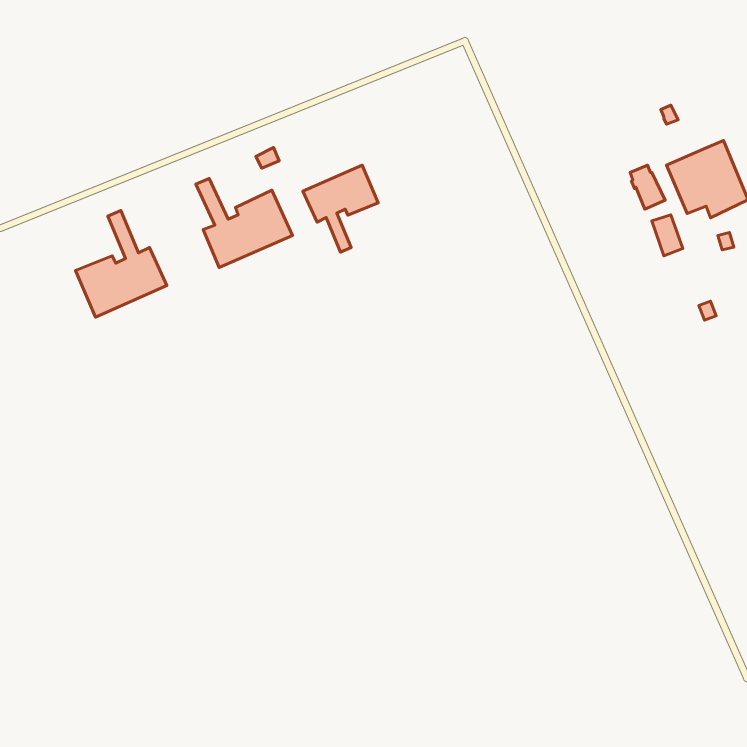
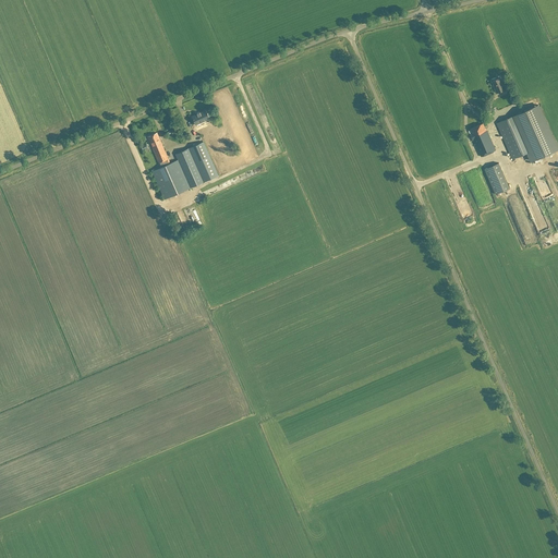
building: [303,165,378,252] -> none
building: [75,211,167,317] -> none

